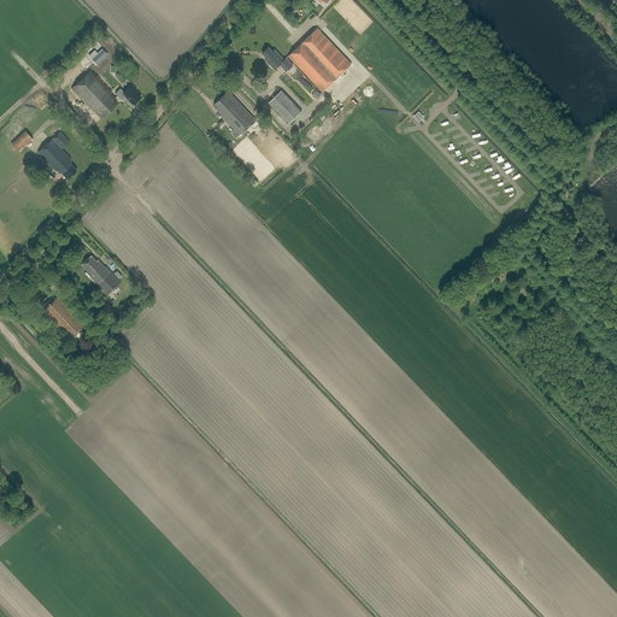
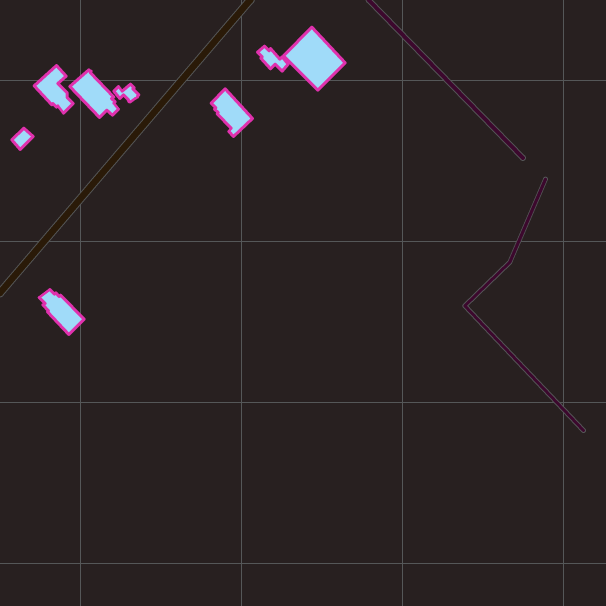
building: [269,90,301,124] -> none
building: [37,131,77,180] -> [34,66,73,113]
building: [82,255,121,295] -> none

